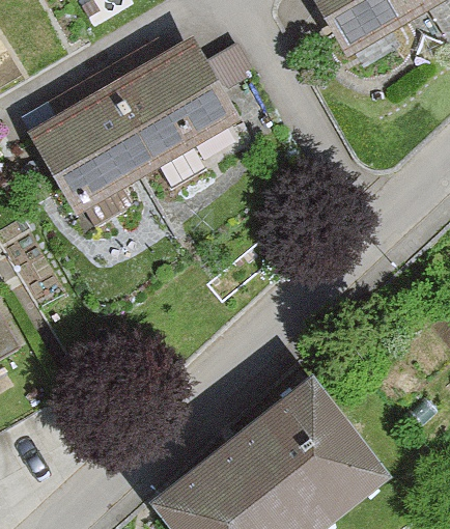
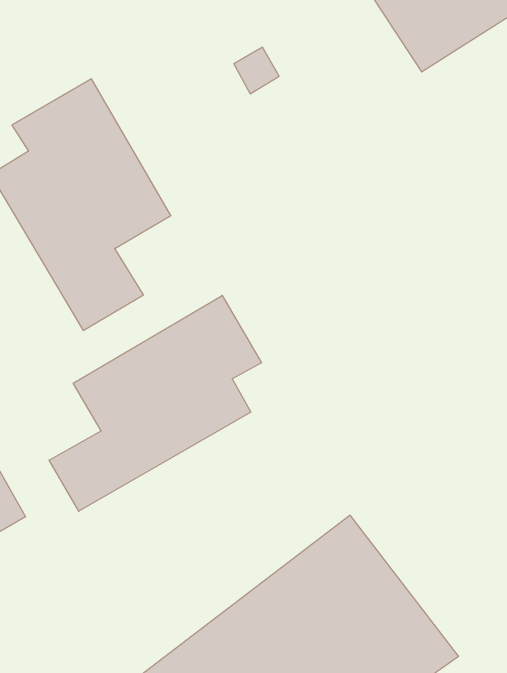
building: [103,31,235,197] -> none
building: none -> [49,295,262,511]

